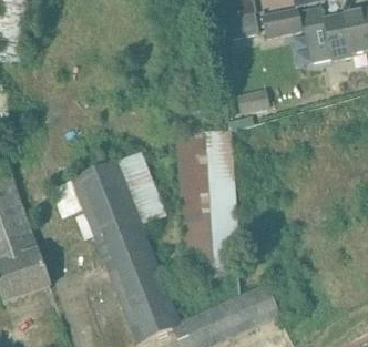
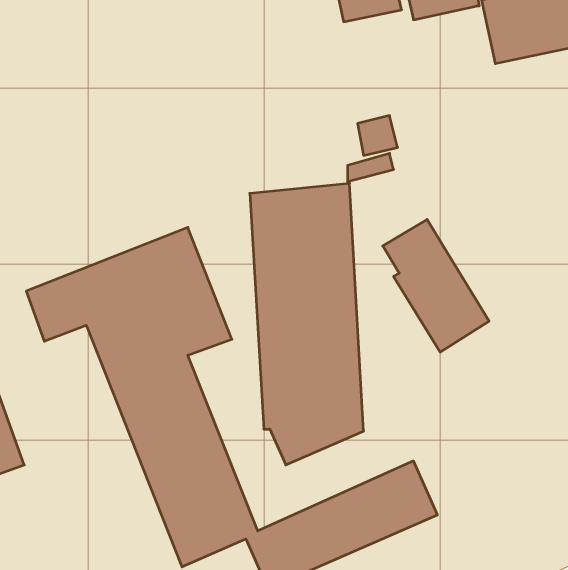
building: none -> [383,219,489,352]

